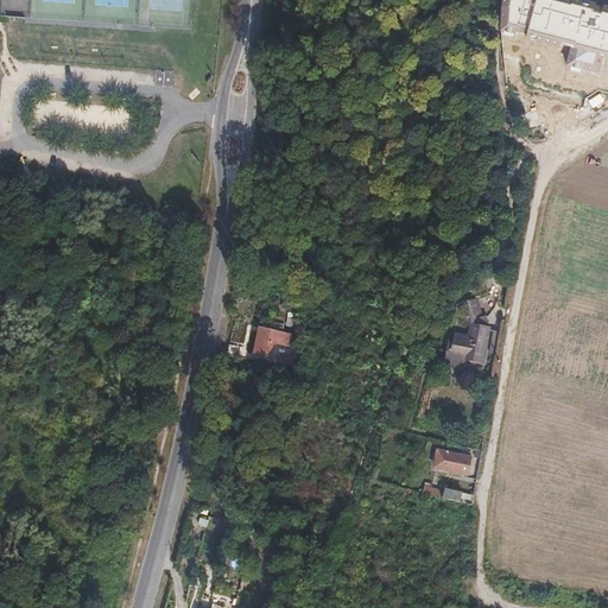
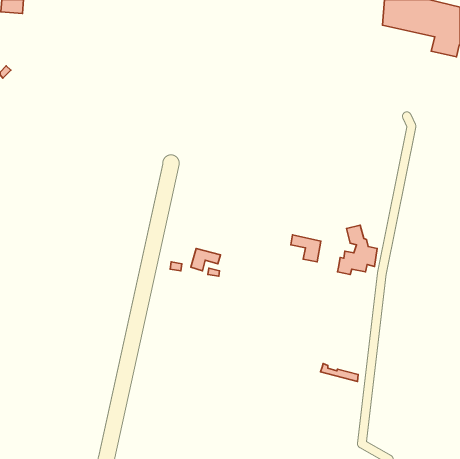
building: none -> [291,235,321,262]
building: [436,448,471,471] -> none

